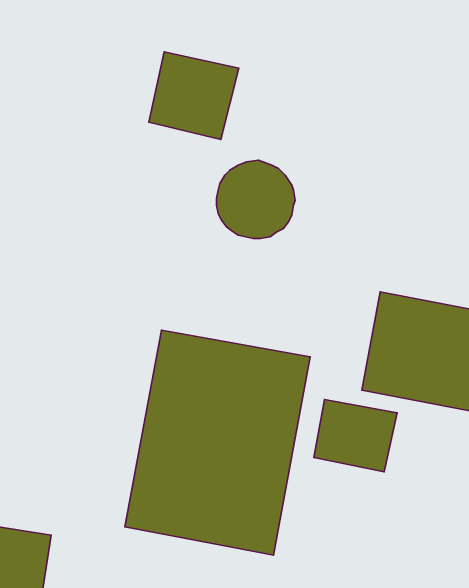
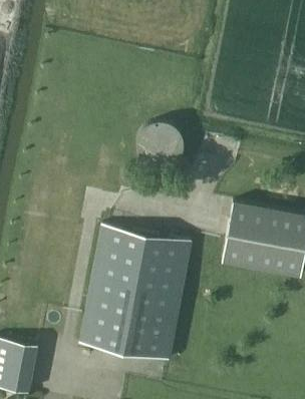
building: [149,52,239,140] -> none
building: [314,400,397,472] -> none

